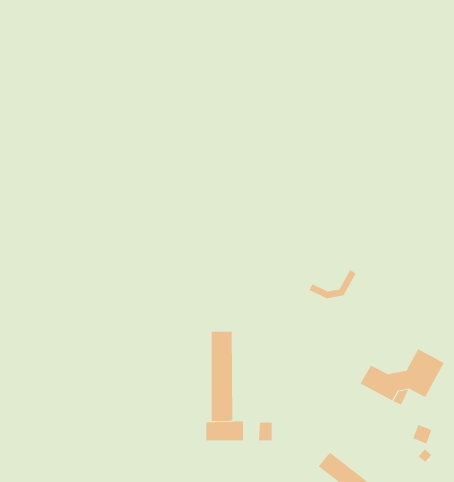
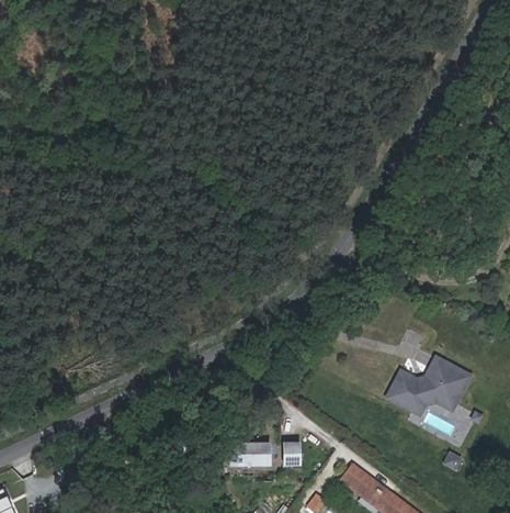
building: [309,269,356,299] -> [396,358,443,388]
building: [211,331,233,422] -> none

